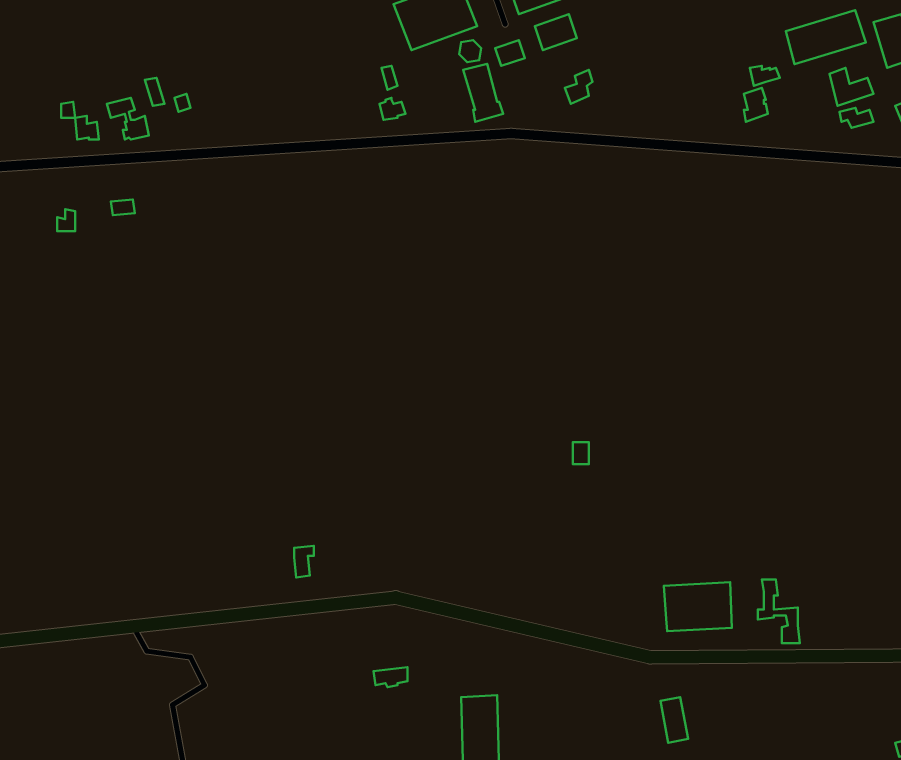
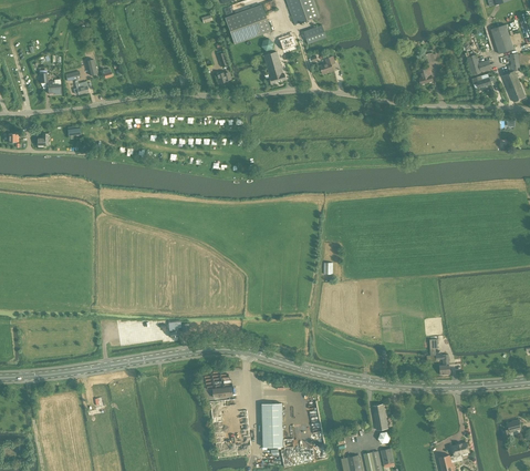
building: [786,10,866,64] -> none
building: [664,582,732,631] -> none

